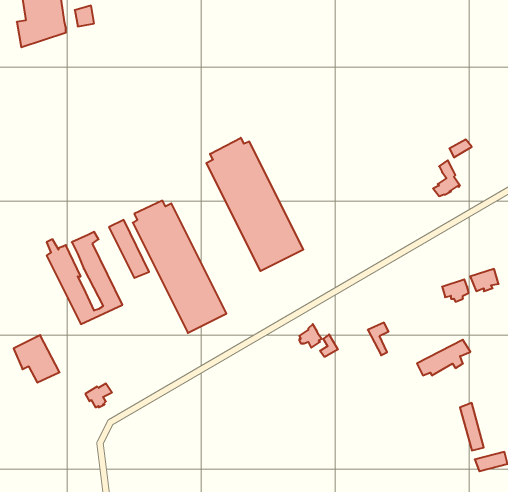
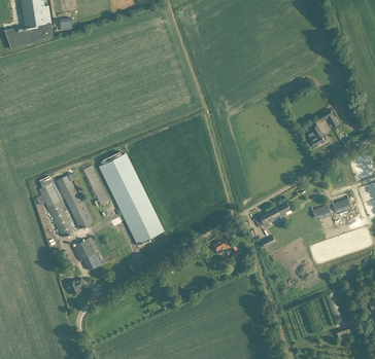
building: [206,138,303,271] -> none
building: [14,335,60,383] -> [72,237,104,270]
building: [417,340,470,375] -> [253,202,291,226]

